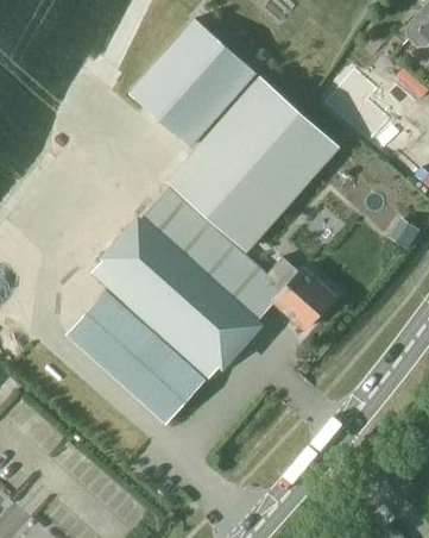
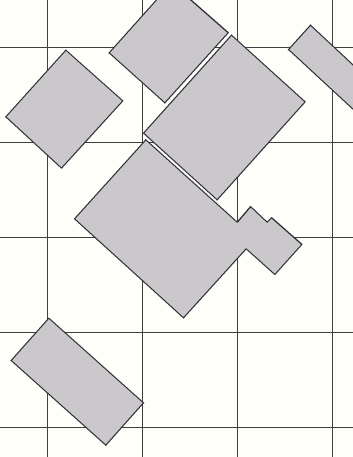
building: none -> [6,50,123,168]
building: [65,288,207,424] -> [11,318,144,445]

